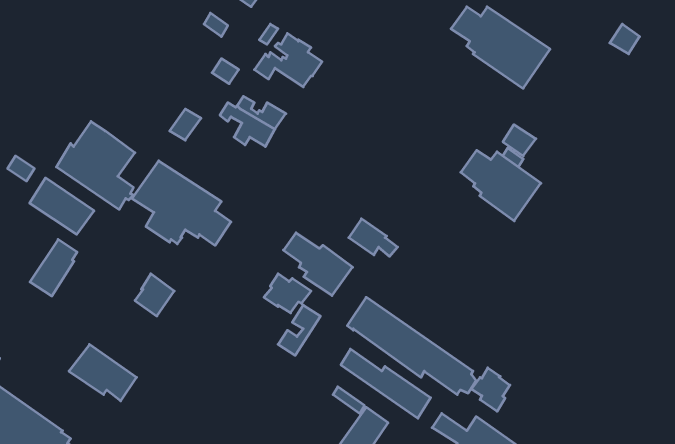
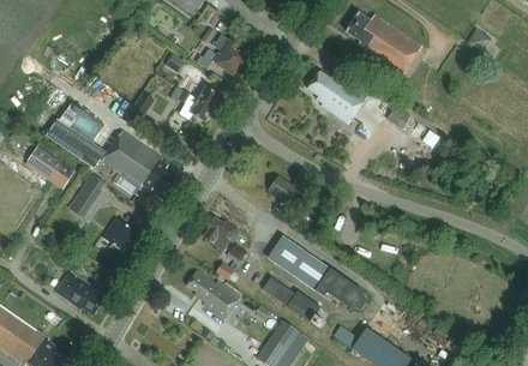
building: [461,150,541,221] -> [307,71,368,125]
building: [283,233,353,296] -> [186,270,239,318]
building: [30,239,77,296] -> [66,173,102,216]
building: [472,368,510,411] -> none

